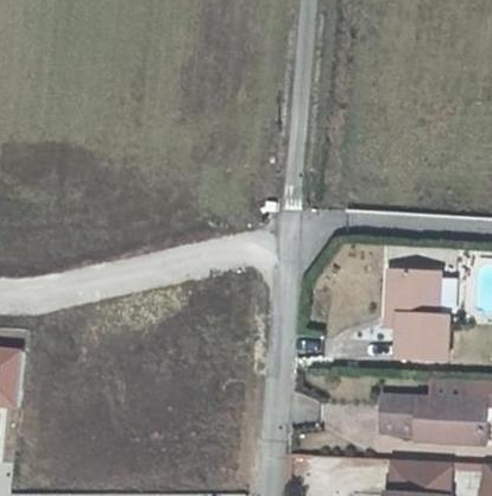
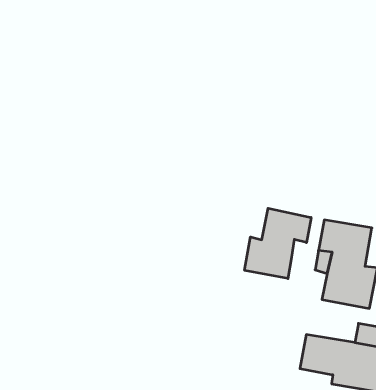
building: none -> [245,208,311,279]

